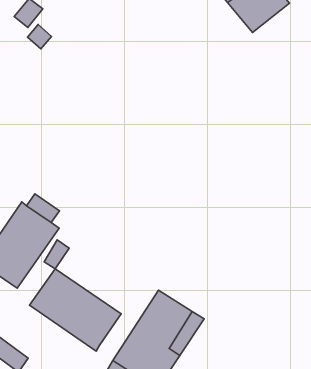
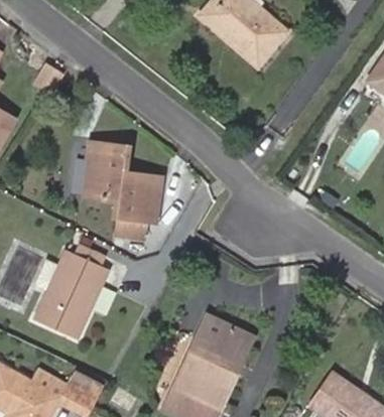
building: none -> [88,144,161,239]
building: [29,269,121,351] -> none

